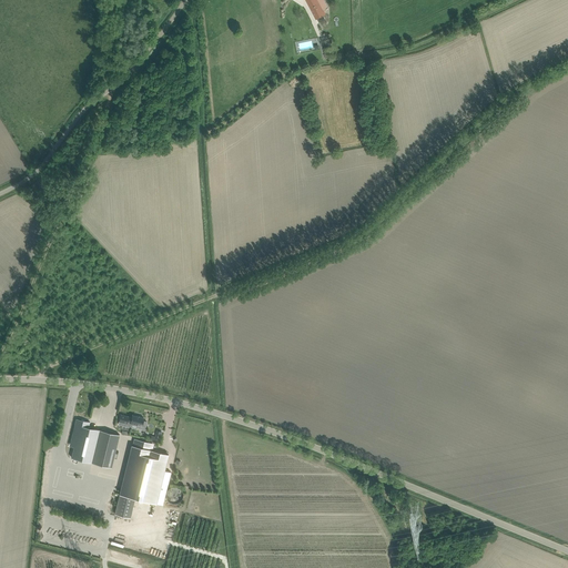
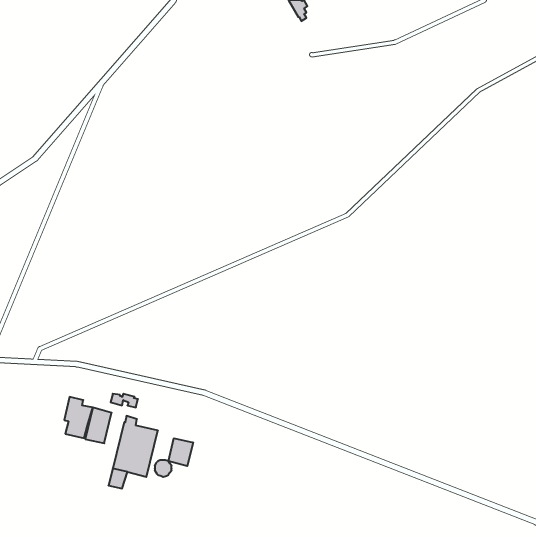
building: none -> [168,438,193,466]

